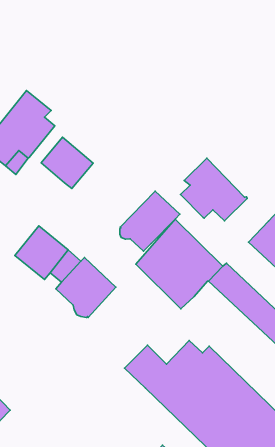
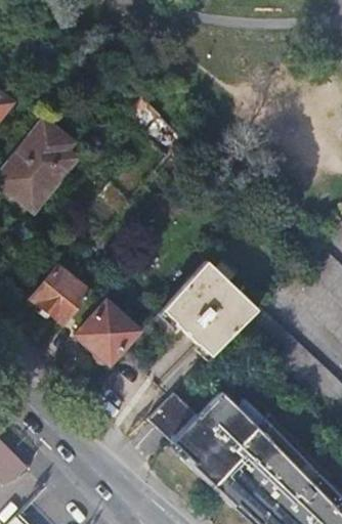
building: [41,137,93,189] -> none
building: [181,158,247,221] -> none
building: [120,191,180,251] -> none

